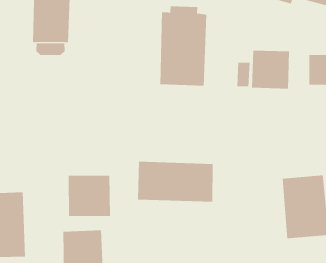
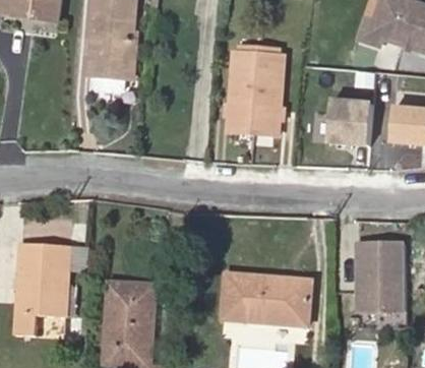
building: [137,161,213,202] -> [222,271,309,322]
building: [68,175,110,217] -> none

